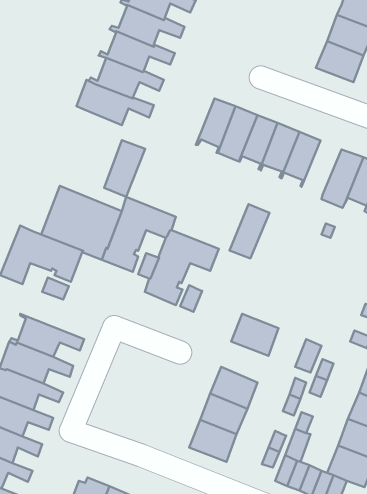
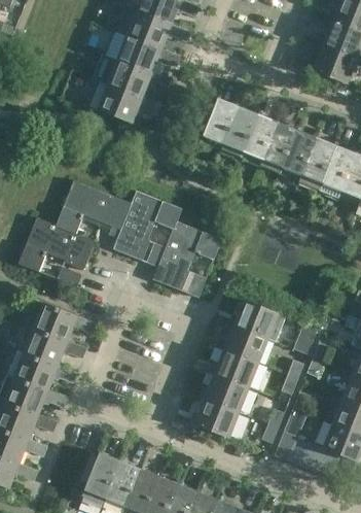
building: [104,140,145,197] -> none
building: [230,204,269,258] -> [299,137,336,187]
building: none -> [224,324,268,363]

